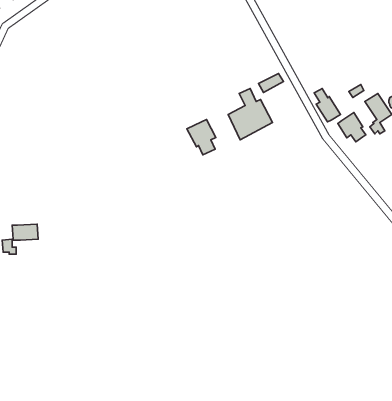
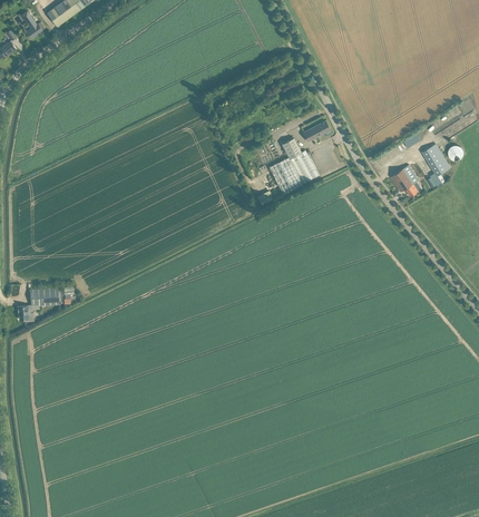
building: [314,88,341,122] -> none
building: [187,120,216,155] -> none

